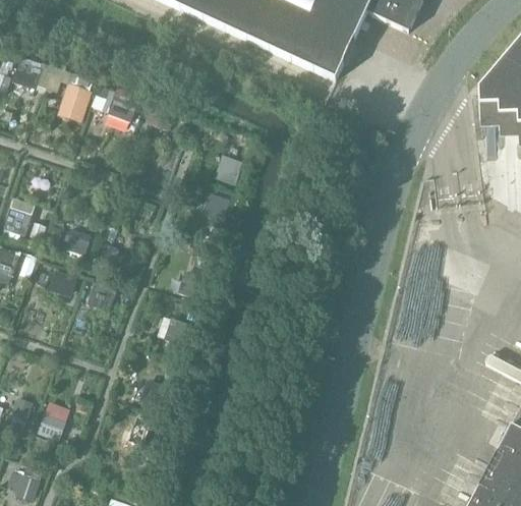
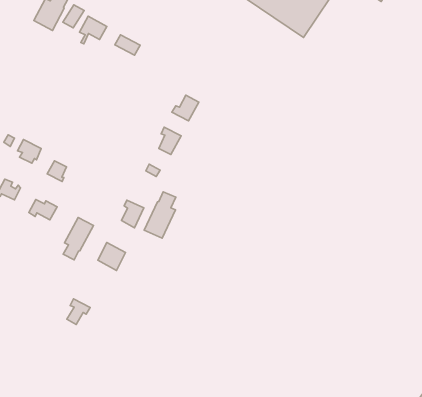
building: none -> [144,192,176,238]
building: none -> [63,218,93,260]

